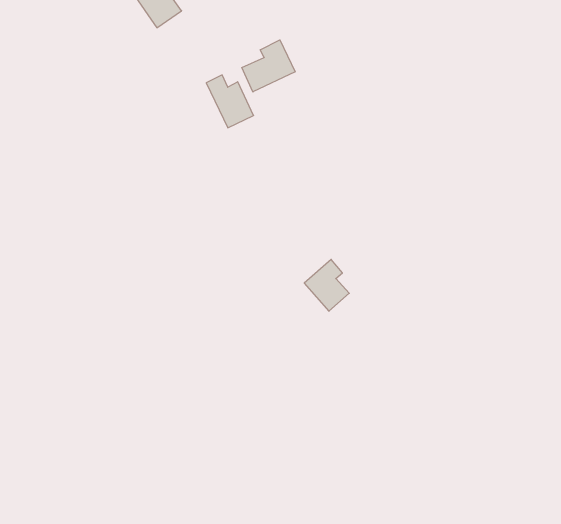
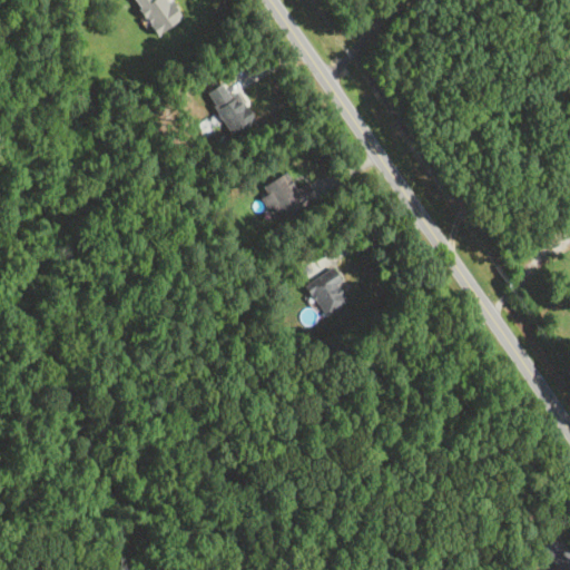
building: [242,40,295,92] -> none
building: none -> [259,173,318,220]

